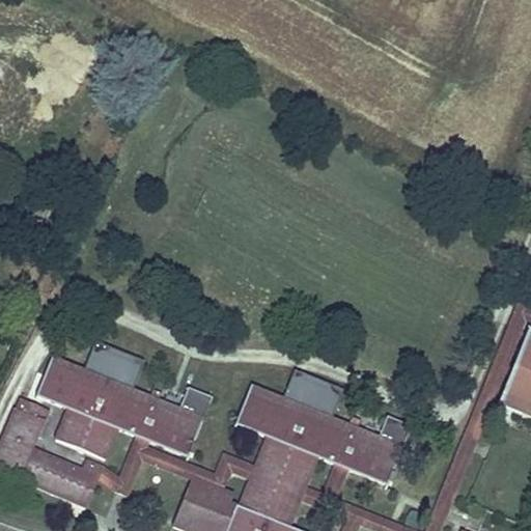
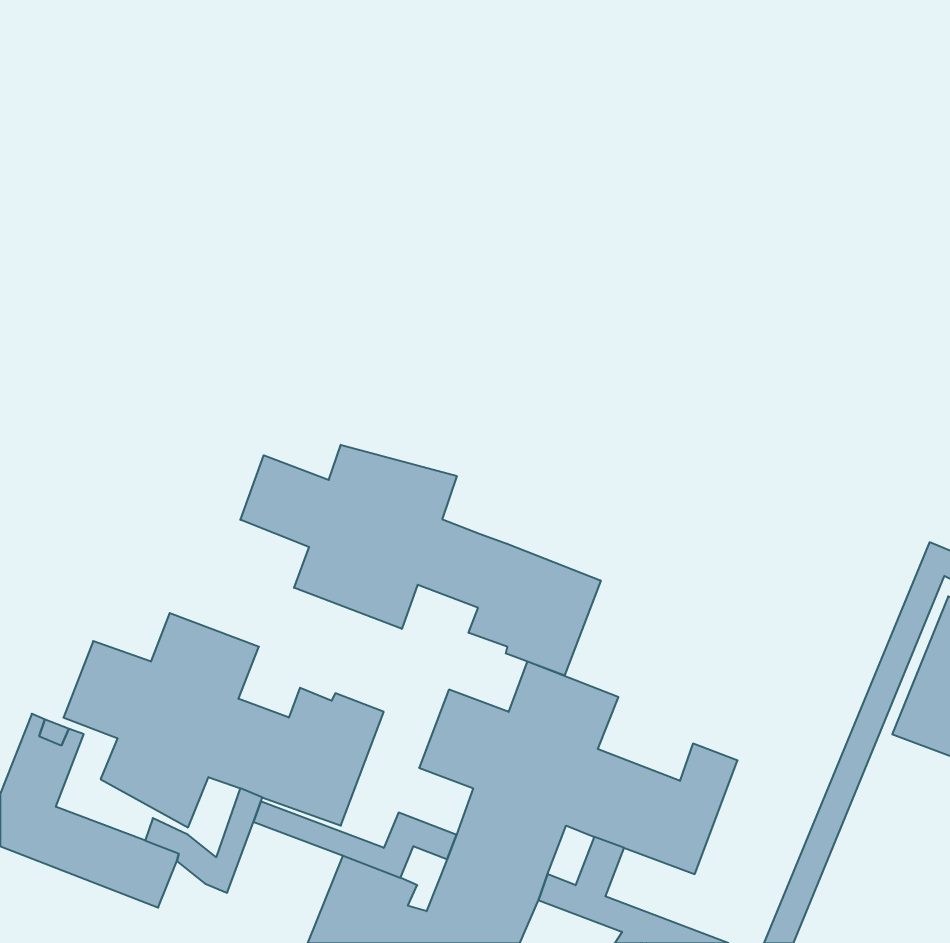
building: none -> [240,445,601,676]

